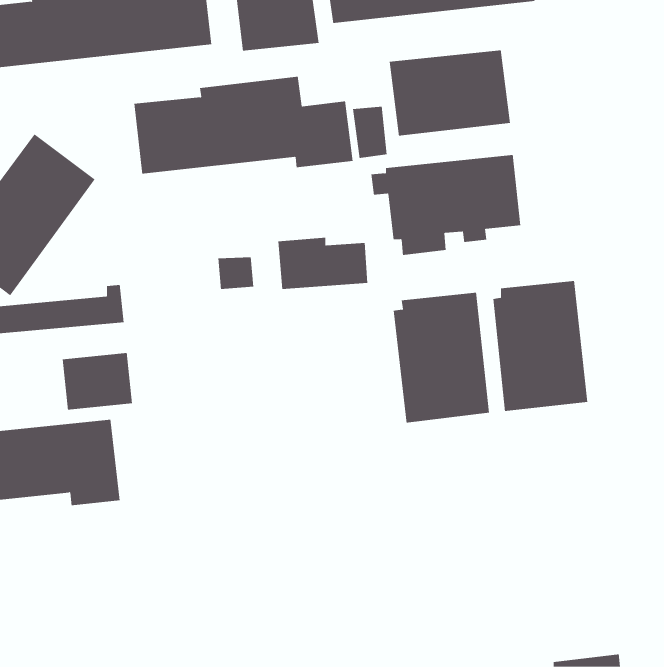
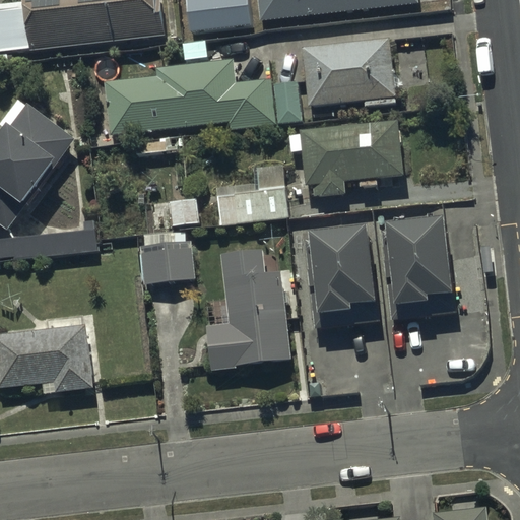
building: none -> [206,249,289,370]
building: [62,353,133,410] -> [139,241,194,285]

